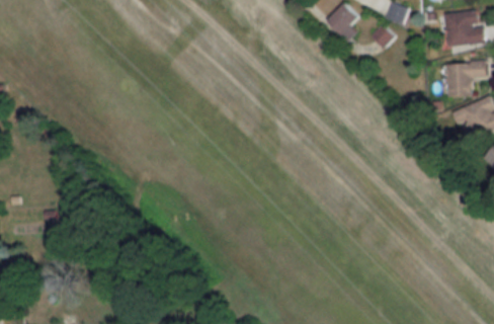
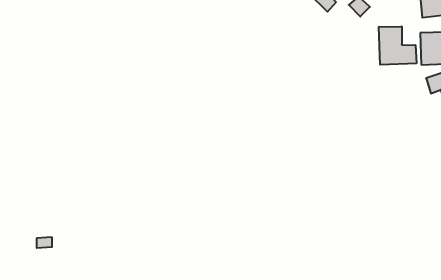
building: none -> [379,26,416,65]

